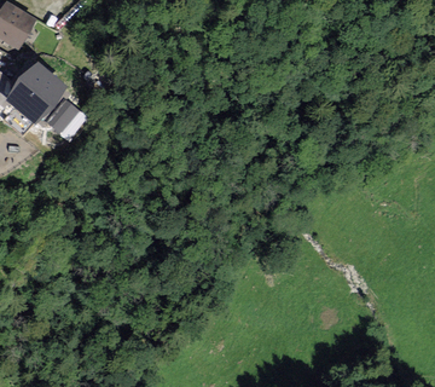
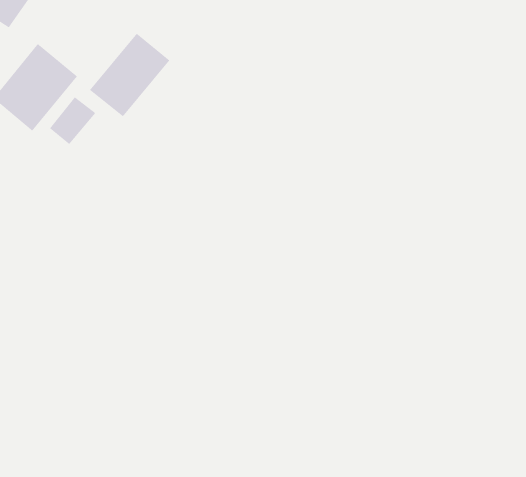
building: none -> [89,33,170,117]

